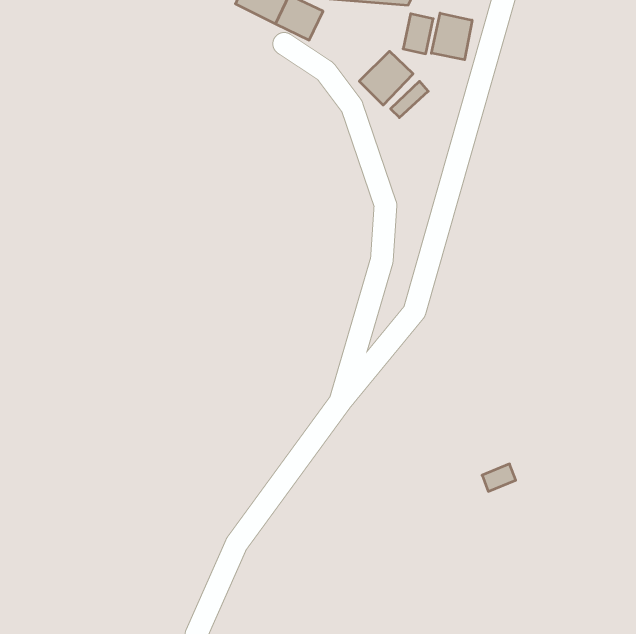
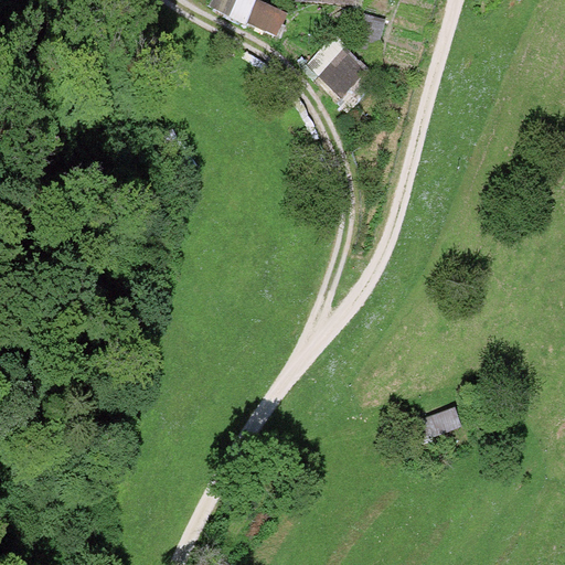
building: [431,13,472,60] -> none

